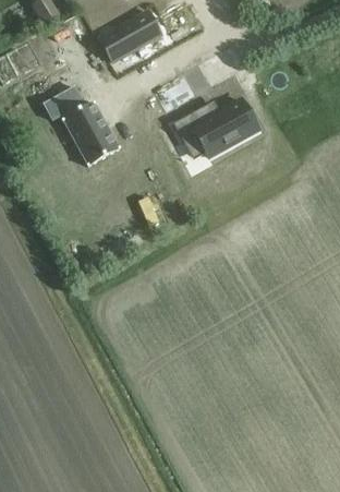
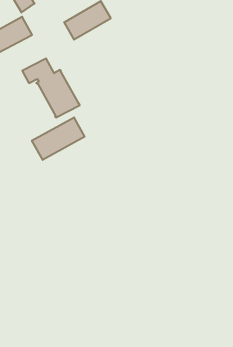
building: [173,98,258,156] -> none
building: none -> [32,117,85,160]

